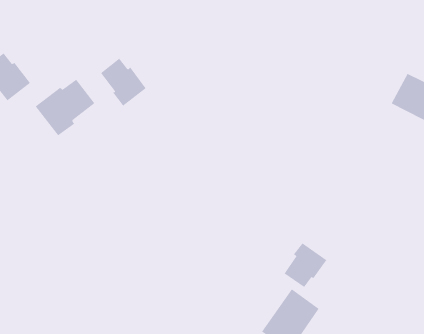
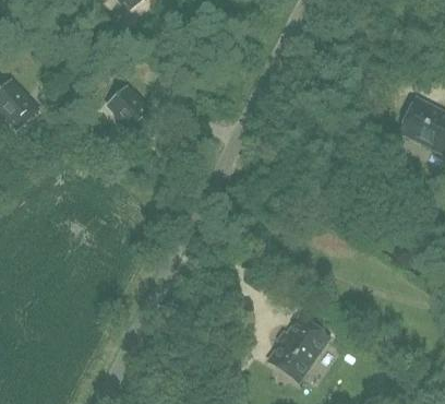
building: [35,79,95,136] -> none
building: [284,243,327,288] -> none

